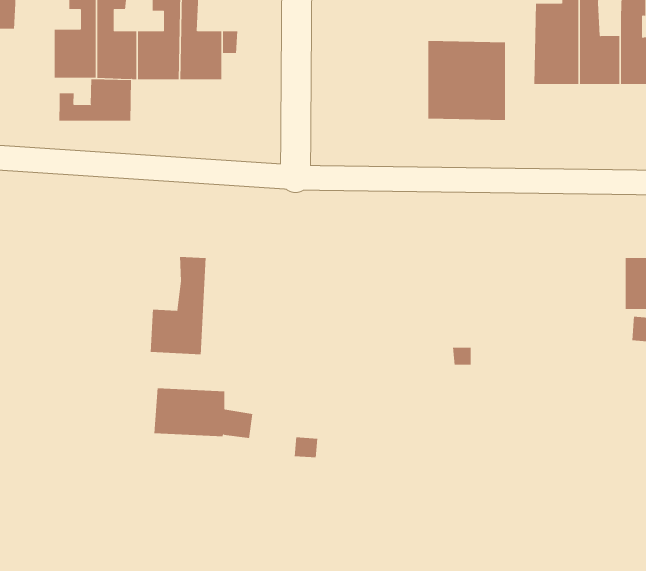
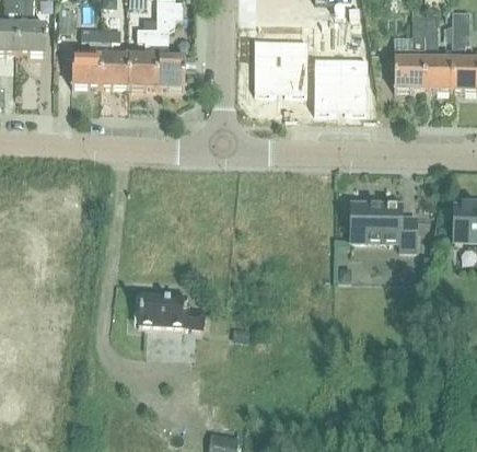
building: none -> [265,46,317,98]
building: [59,79,132,121] -> none
building: none -> [350,202,416,247]
building: [150,256,206,355] -> none

